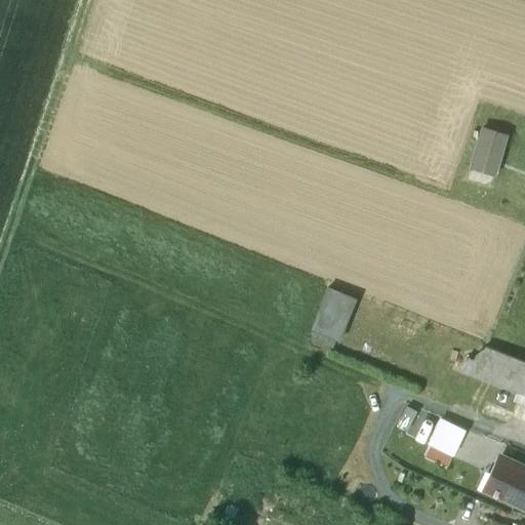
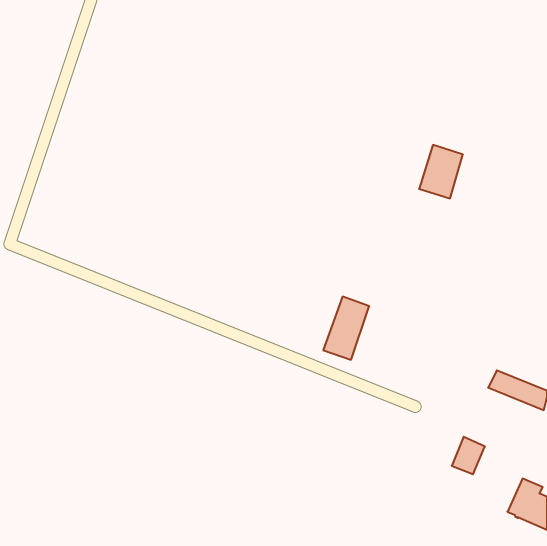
building: [470,124,512,175] -> [419,145,463,198]

